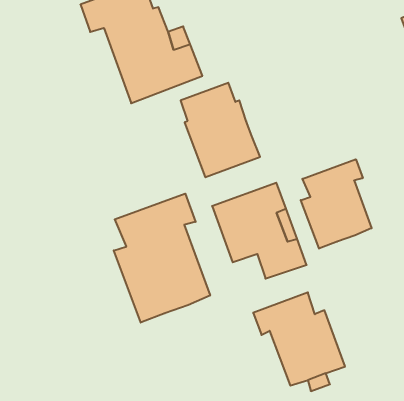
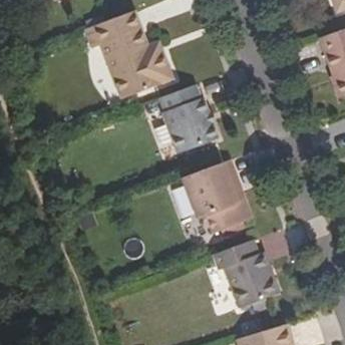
building: [301,159,372,249] -> none
building: [114,194,210,323] -> none

